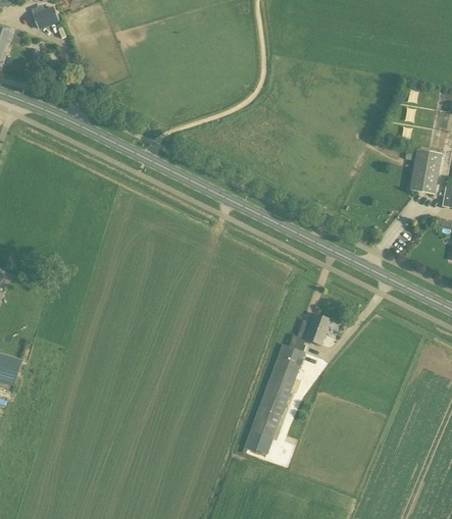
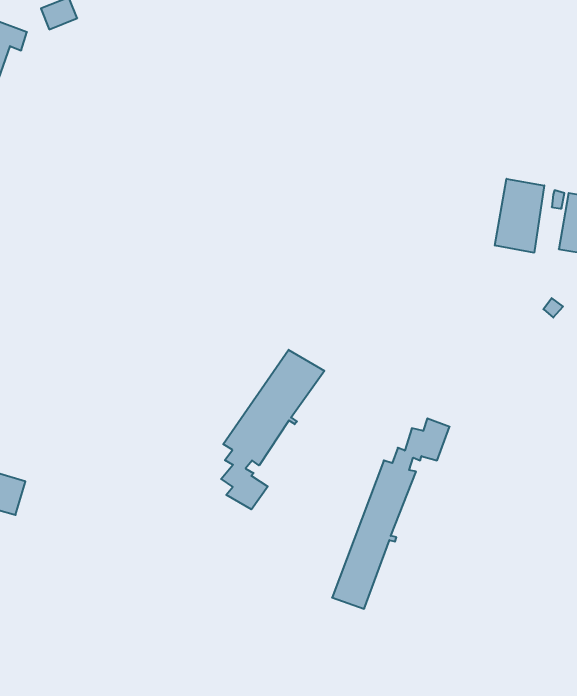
building: none -> [495,179,544,253]
building: none -> [221,350,324,509]

